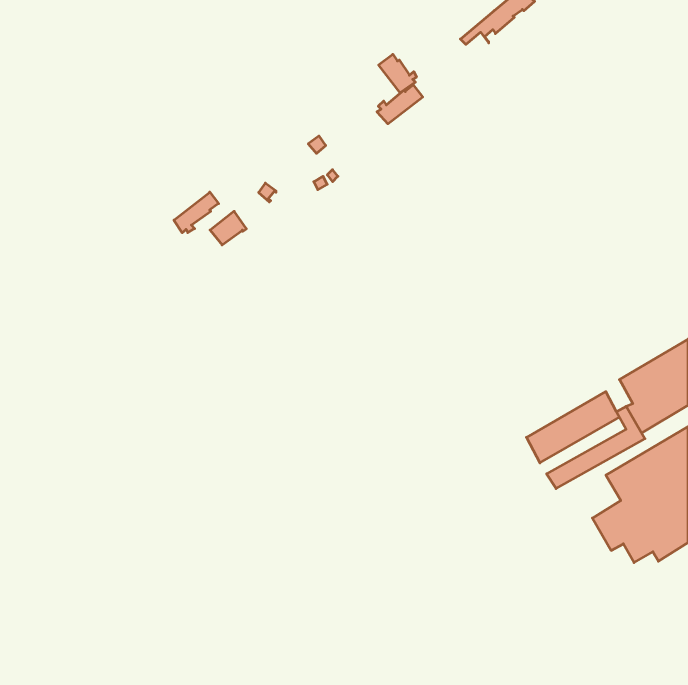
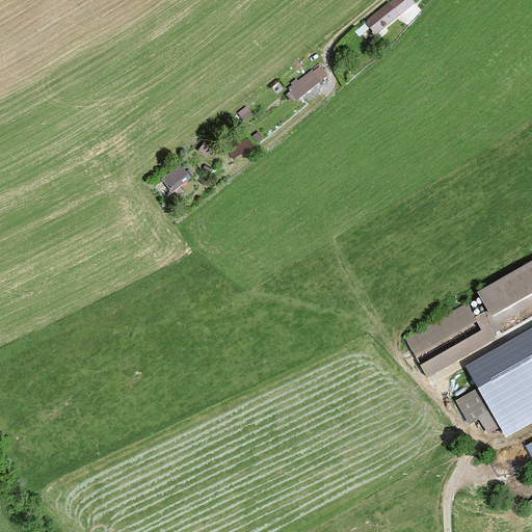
building: [379,54,416,93] -> none
building: [174,192,219,233] -> none

